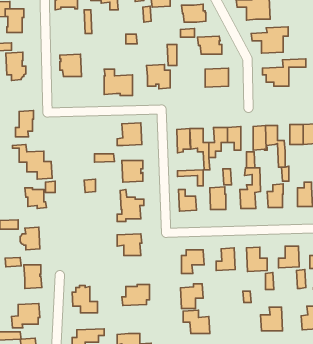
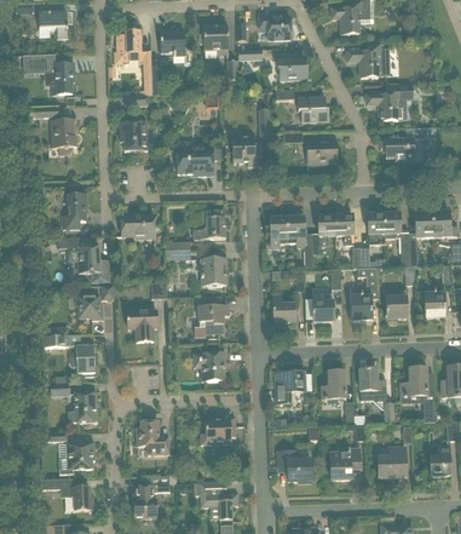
building: none -> [121,212,155,236]
building: none -> [126,309,157,340]
building: [180,284,203,308] -> [330,447,359,478]

